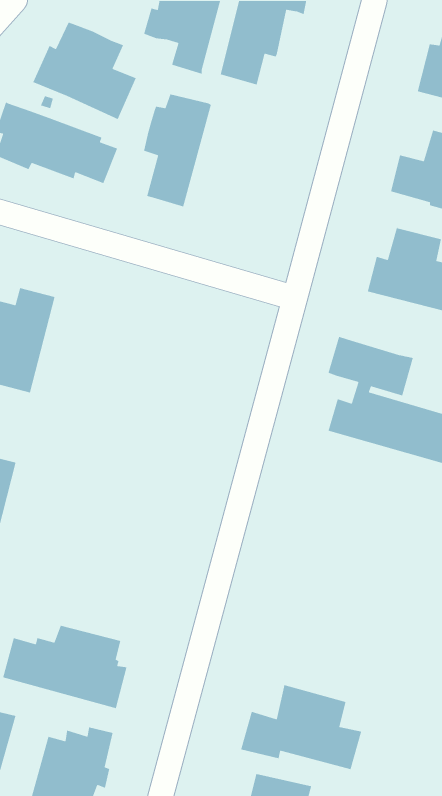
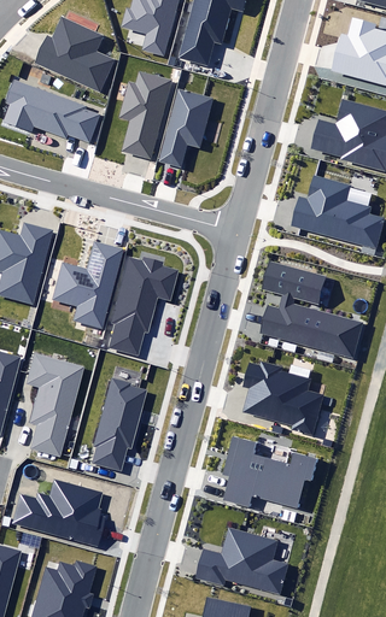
building: none -> [158,89,214,168]
building: none -> [49,242,121,328]
building: none -> [107,257,177,355]
building: none -> [25,355,81,454]
building: none -> [240,360,322,435]
building: none -> [94,378,147,469]
building: none -> [222,436,318,509]

